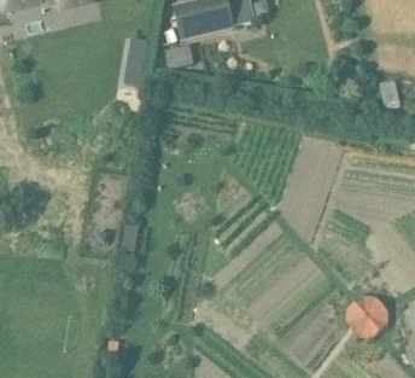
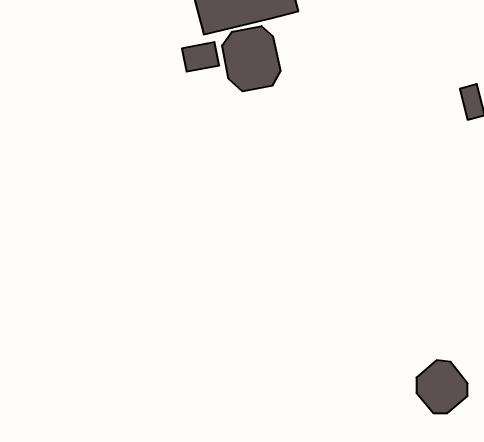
building: none -> [222,26,281,91]

